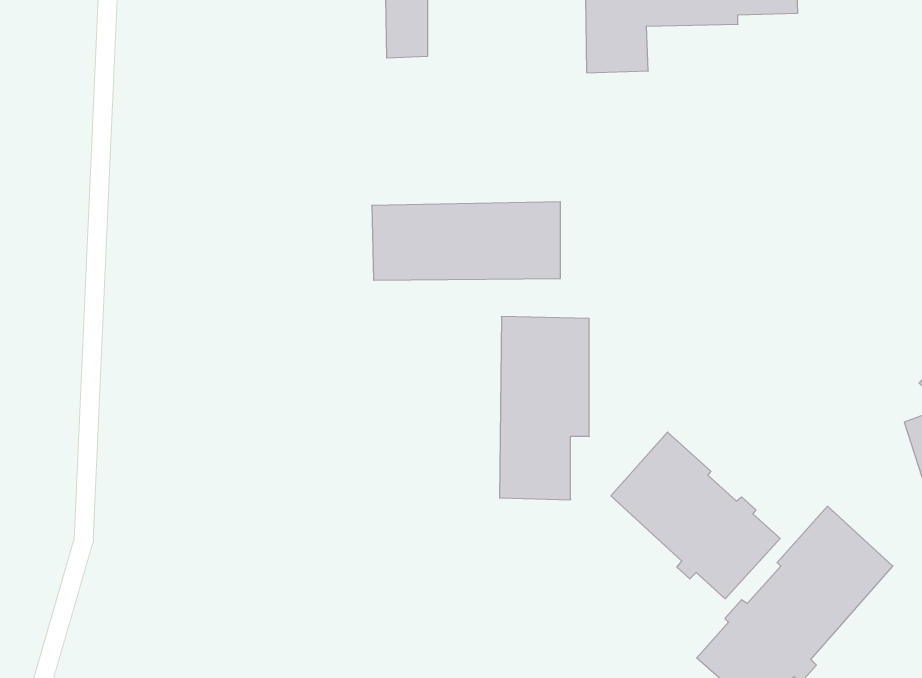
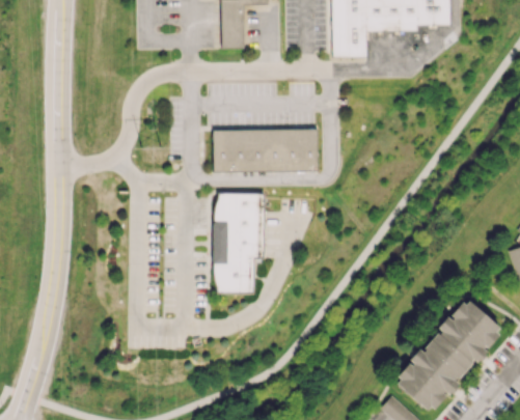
building: [500,317,589,500] -> [214,192,264,293]
building: [611,432,780,599] -> none

